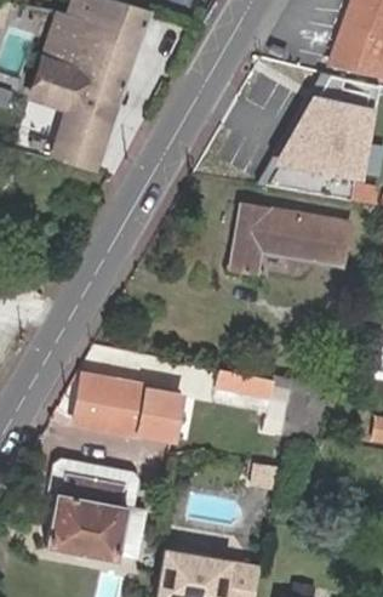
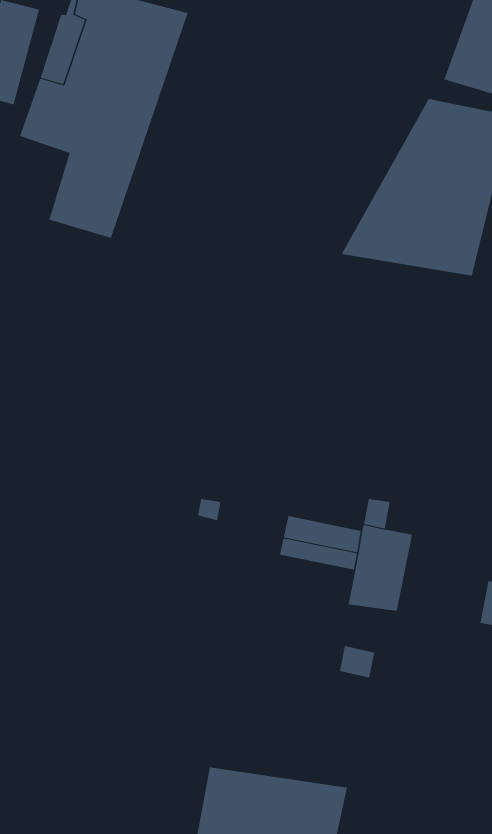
building: [230,204,350,271] -> none
building: [74,374,182,437] -> none
building: [46,471,128,561] -> none

